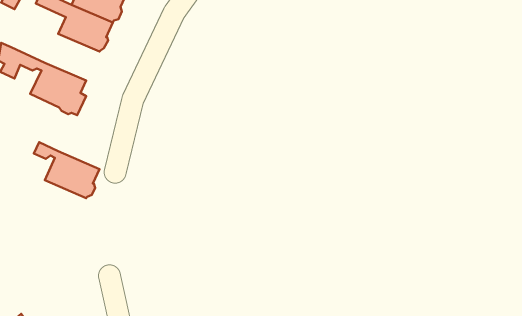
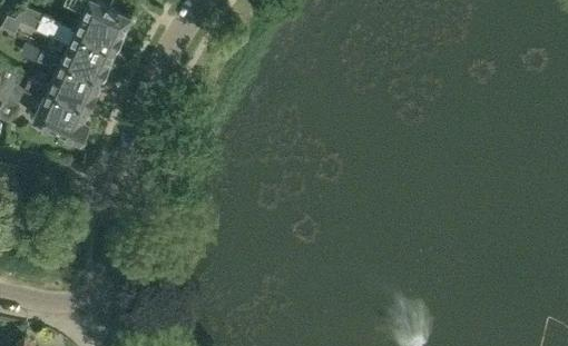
building: [34,142,100,198] -> [36,51,101,107]

